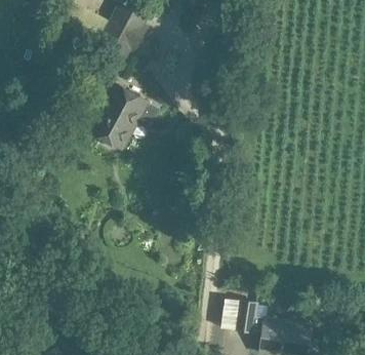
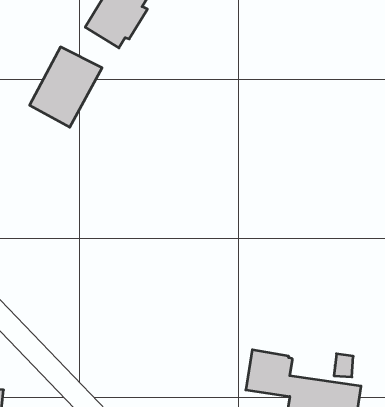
building: [92,85,150,149] -> [30,47,102,127]

